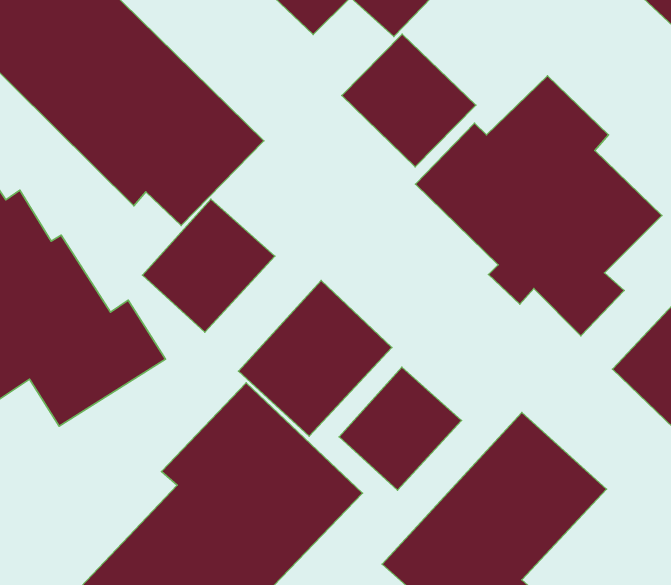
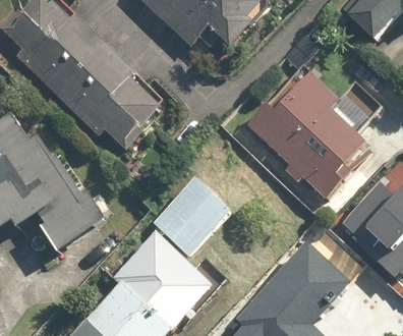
building: [342,34,476,167] -> none
building: [143,199,275,332] -> none
building: [339,367,462,490] -> none

